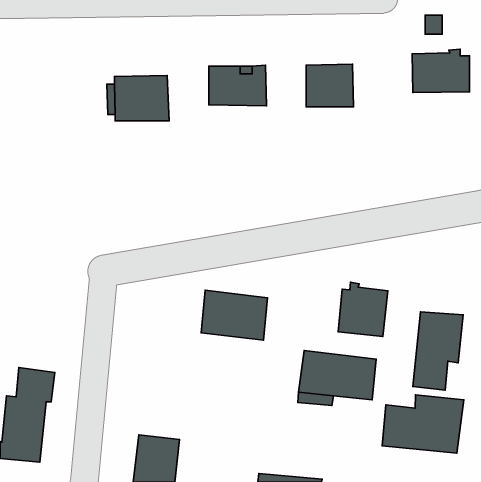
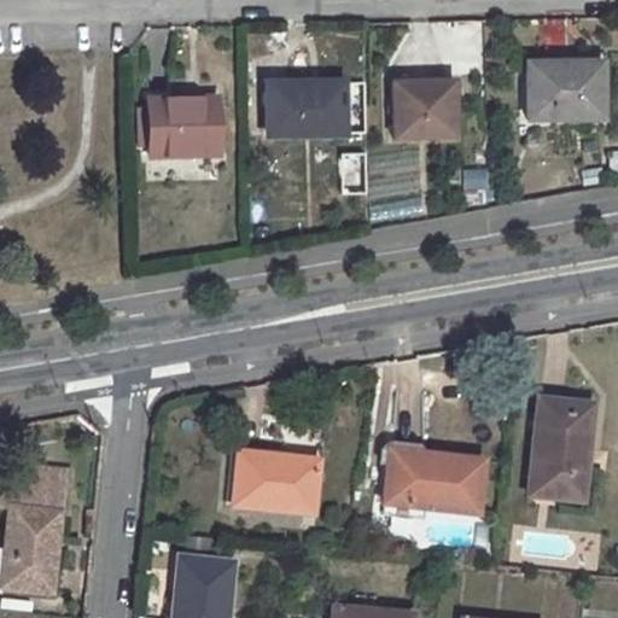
building: [338,282,388,337] -> none
building: [201,290,267,340] -> [234,449,319,513]
building: [382,395,464,453] -> none

